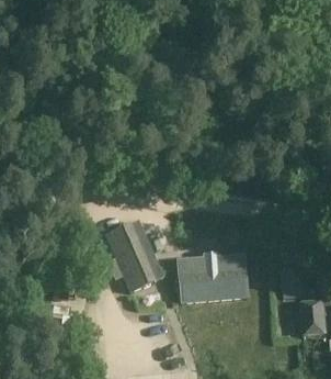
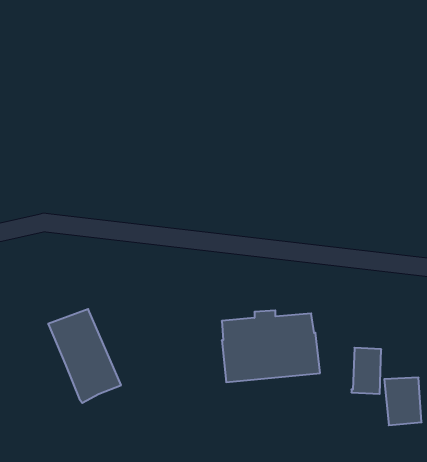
building: [106,222,160,291] -> [48,309,121,403]

